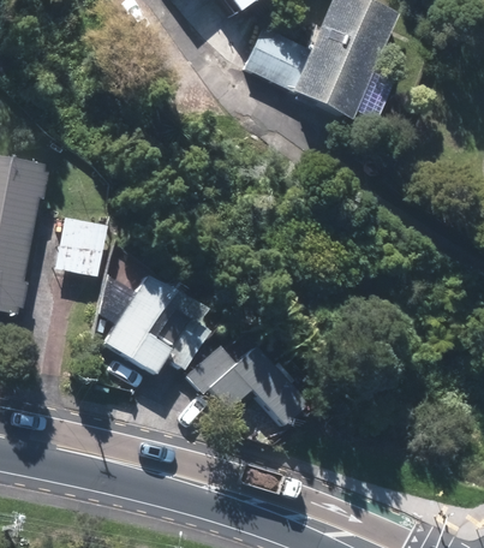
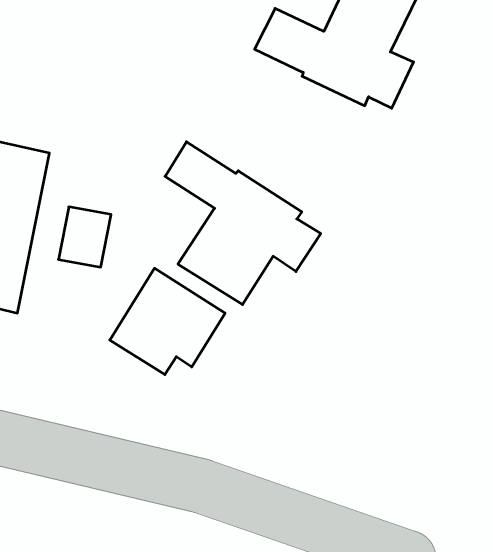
building: none -> [165,142,321,305]
building: [186,342,310,423] -> none

